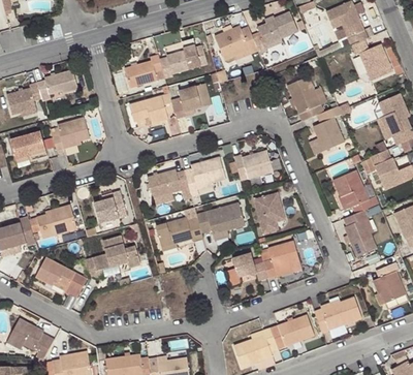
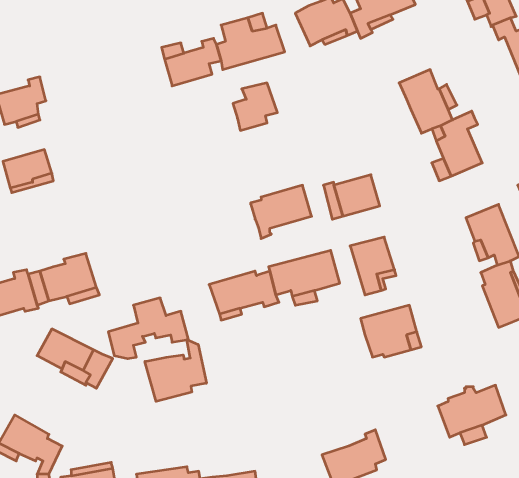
building: [37,69,77,101] -> none
building: [129,93,174,123] -> none
building: [53,118,90,151] -> none
building: [147,169,189,198] -> none
building: [94,190,127,222] -> none
building: [232,252,268,281] -> none
building: none -> [145,340,206,401]
building: [271,314,315,348] -> none

